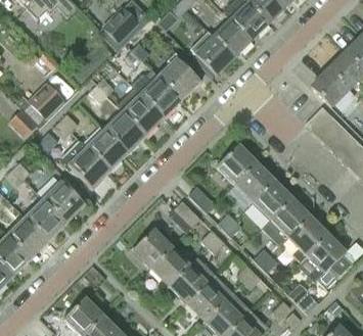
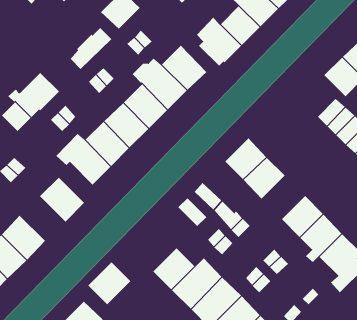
building: [252,179,292,220] -> none
building: [25,198,67,240] -> none
building: [131,228,172,269] -> [87,261,131,305]

